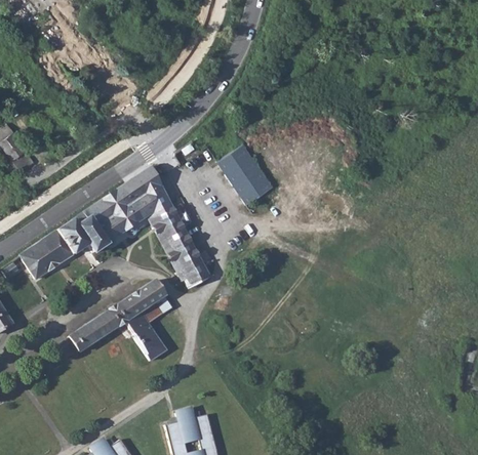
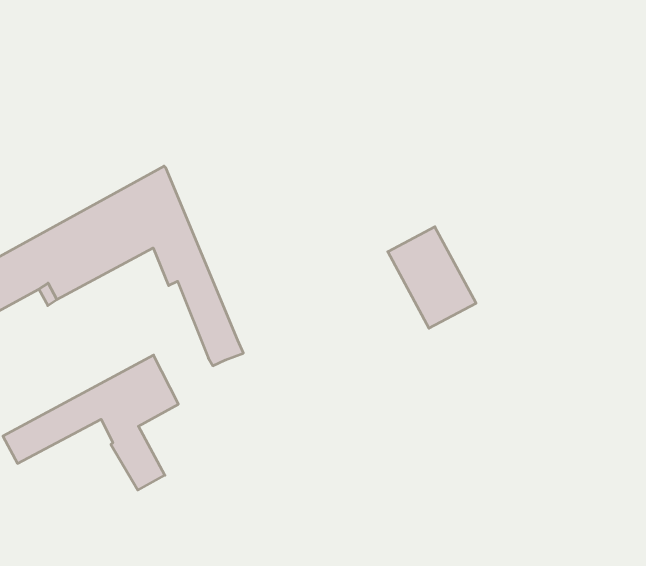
building: [217,143,273,204] -> [388,227,476,328]
building: [159,235,212,288] -> none

